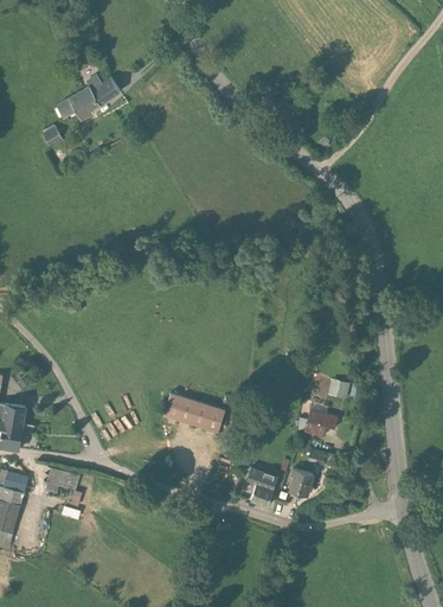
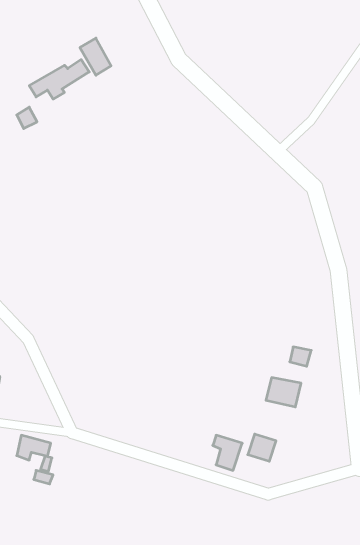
building: none -> [80,38,111,75]
building: [162,390,226,433] -> none

